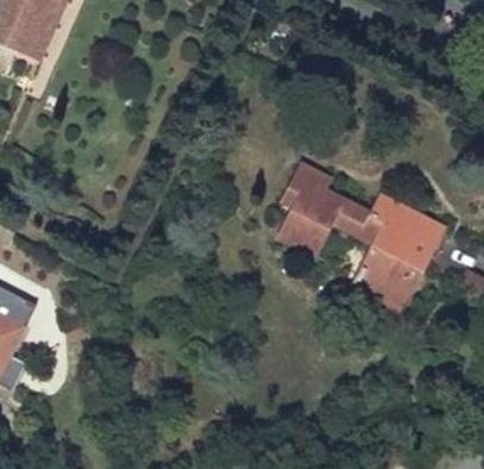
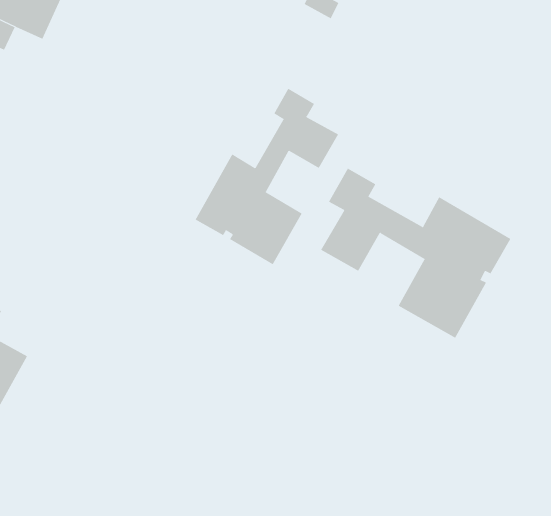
building: none -> [195,88,339,265]

